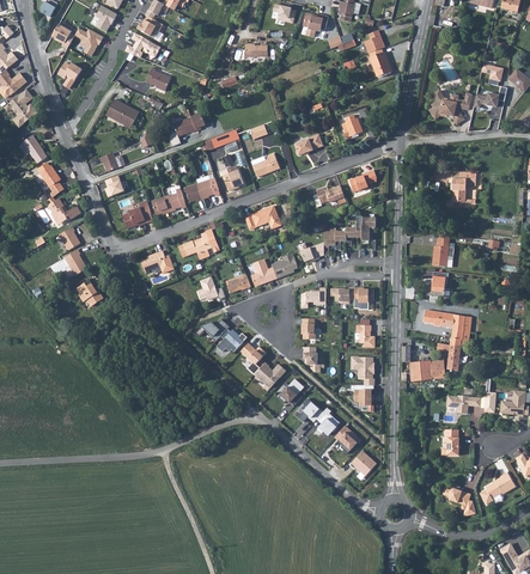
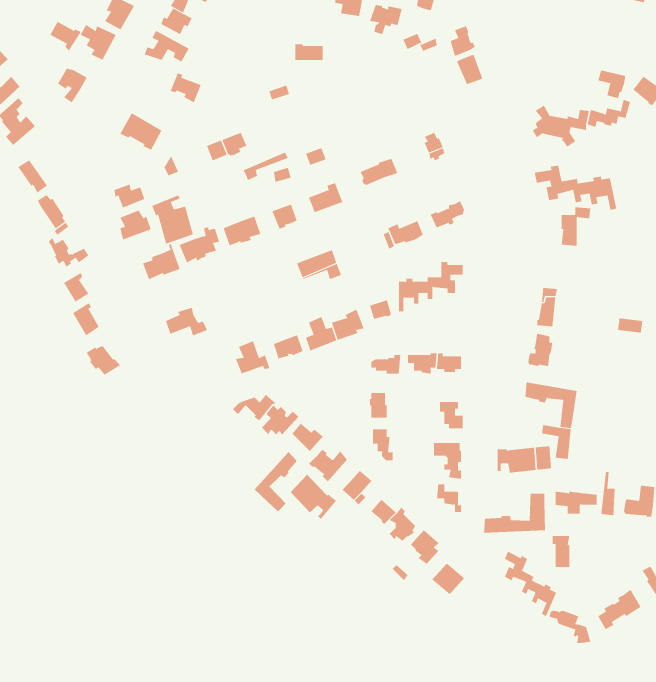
building: none -> [534,165,617,210]
building: none -> [151,194,194,244]
building: [177,232,218,258] -> none
building: none -> [254,451,297,512]
building: none -> [290,474,337,520]
building: none -> [484,493,546,533]
building: none -> [504,551,557,617]

